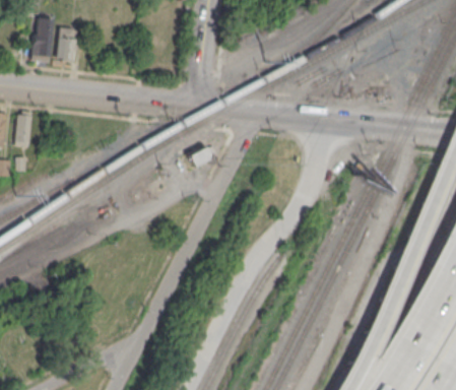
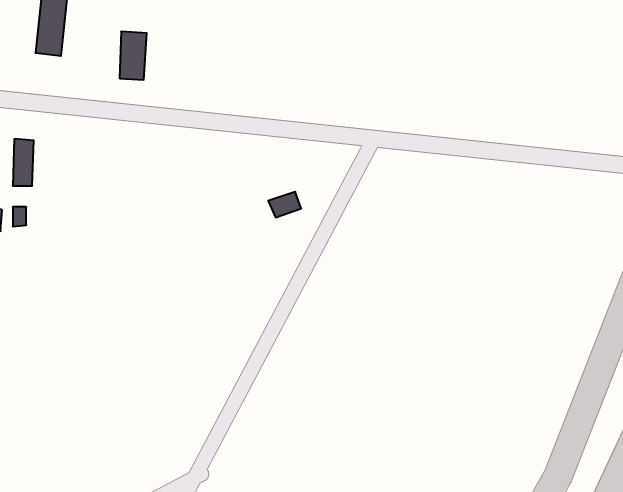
building: [58,28,76,61] -> [120,32,147,80]

